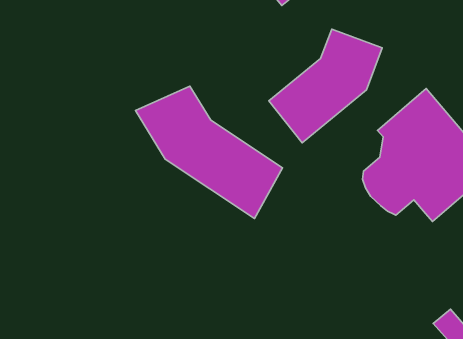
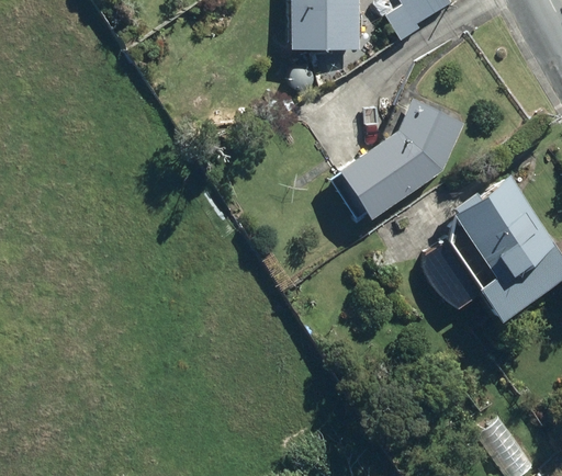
building: [136,86,282,218] -> none

